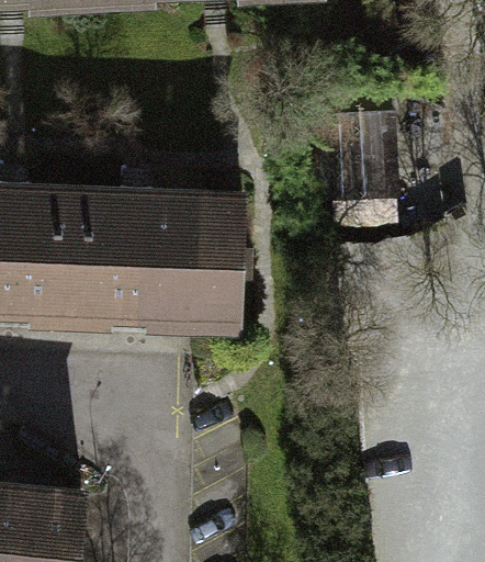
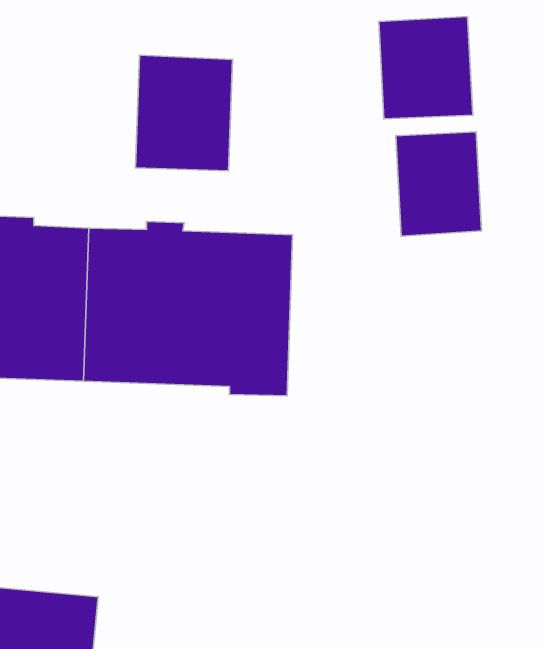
building: none -> [379,17,473,119]
building: none -> [135,55,233,171]

